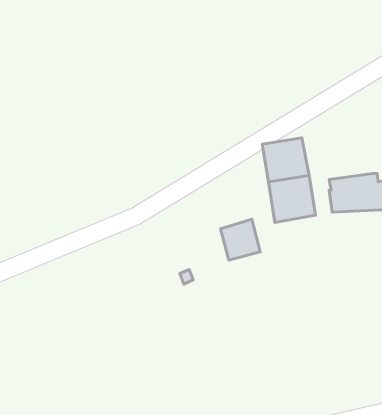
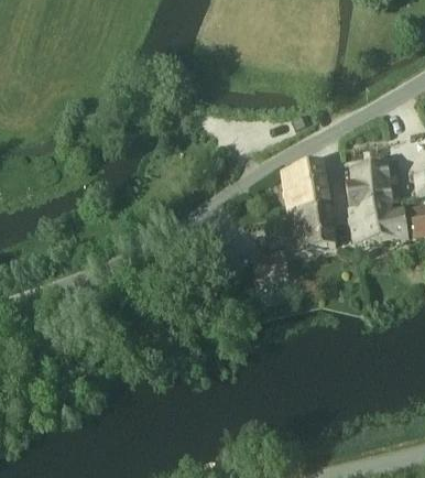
building: none -> [345,160,395,205]

